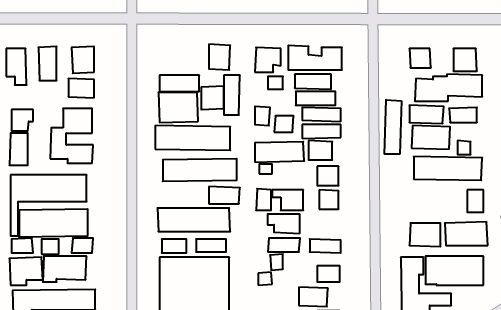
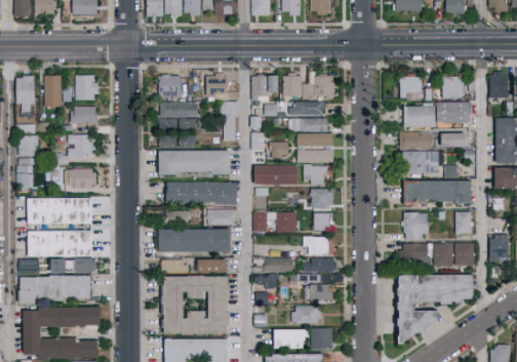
building: [201,86,224,110] -> [159,74,181,96]
building: [385,100,401,154] -> none
building: none -> [403,211,428,239]
building: [268,214,300,233] -> [304,236,334,254]

